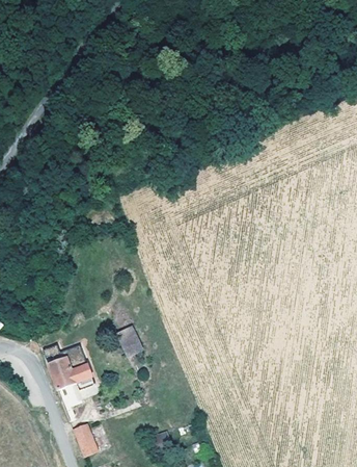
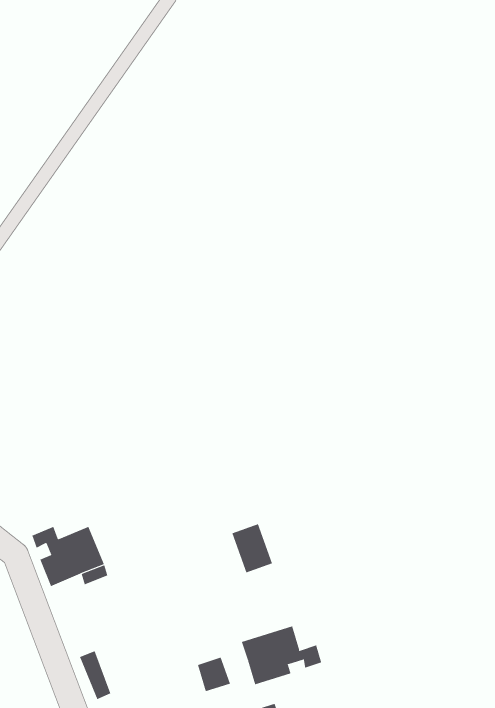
building: [115,323,142,356] -> [232,524,273,573]
building: none -> [241,626,322,685]

